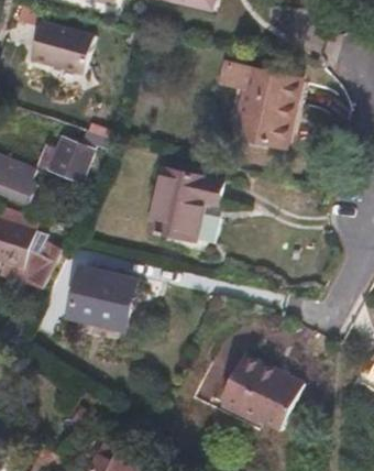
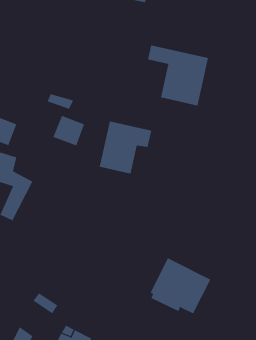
building: [23,20,86,73] -> none
building: [48,139,92,180] -> [53,115,85,146]
building: [70,269,135,329] -> none

